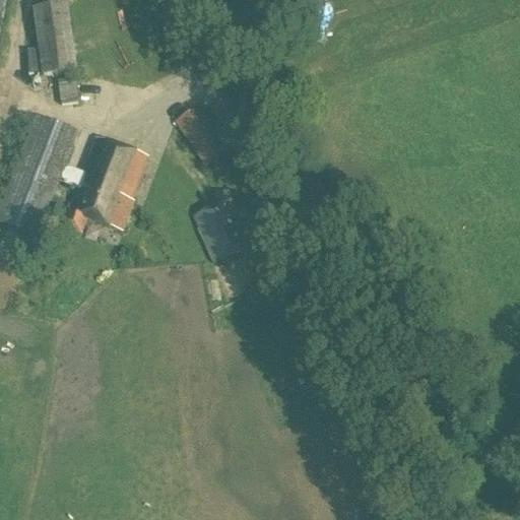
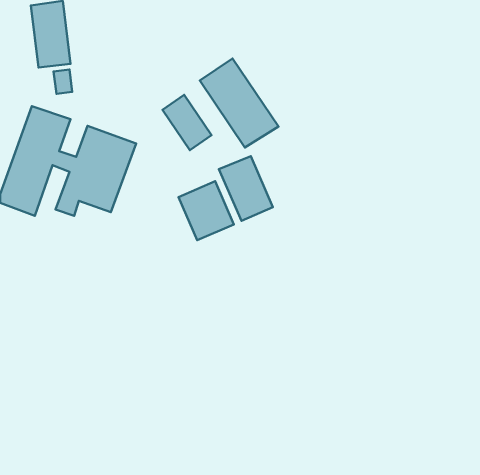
building: none -> [200,59,278,148]
building: none -> [219,156,273,221]

